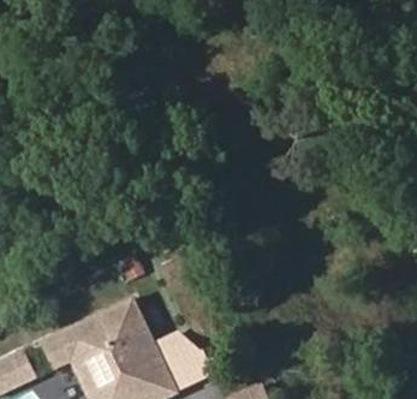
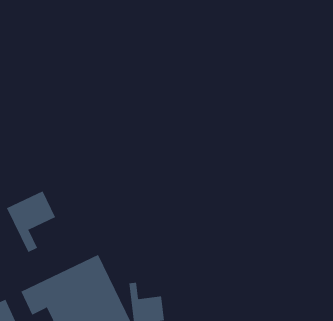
building: none -> [6,190,56,253]

